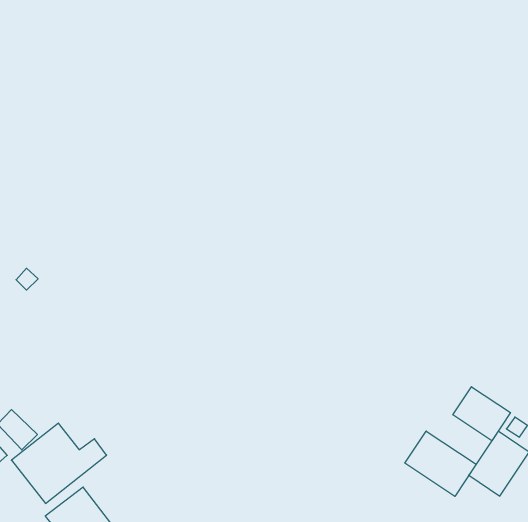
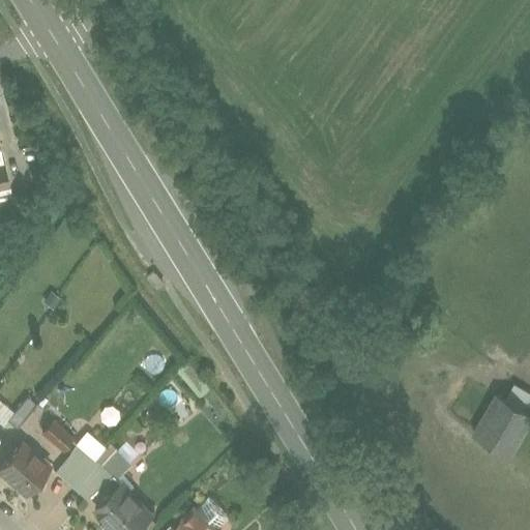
building: [453,387,510,441] -> none
building: [405,431,476,496] -> none

